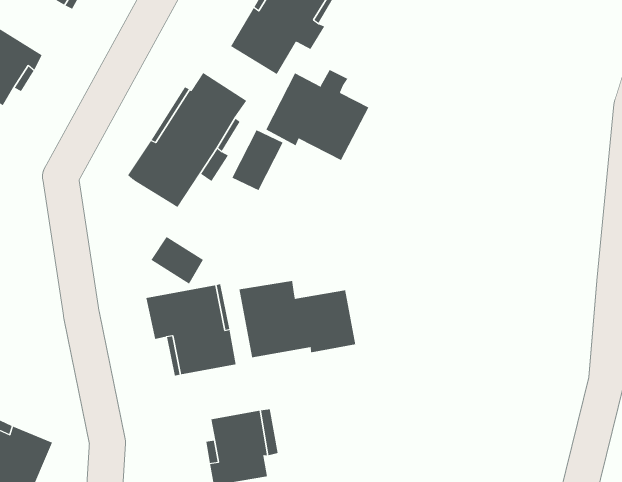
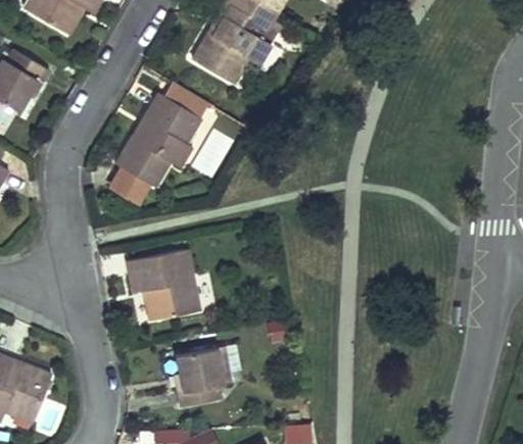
building: [265,69,369,161] -> none
building: [150,236,204,284] -> [105,168,147,206]
building: [239,280,356,358] -> none

